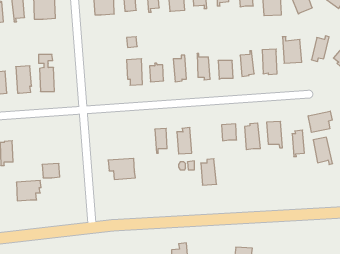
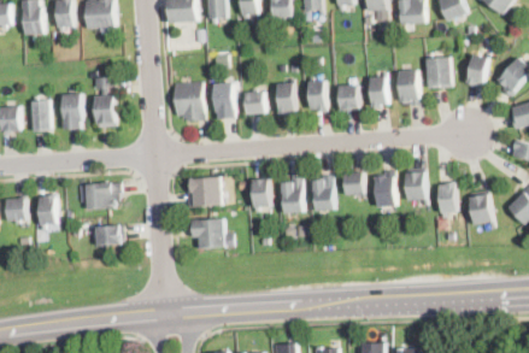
building: none -> [174,82,204,122]
building: [308,111,332,132] -> none
building: none -> [186,178,222,207]
building: [201,159,217,185] -> [312,175,334,211]
building: [16,181,41,201] -> [87,182,121,210]

